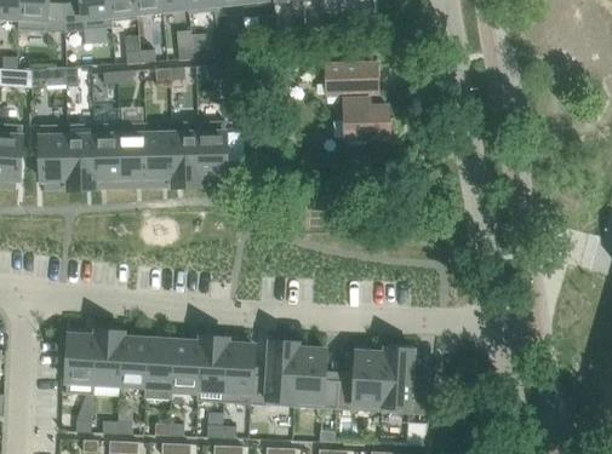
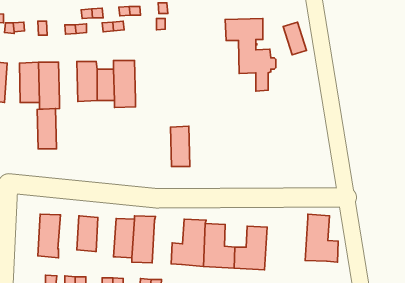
building: none -> [283,22,307,55]
building: [199,119,225,174] -> [170,126,190,166]
building: [93,121,120,177] -> [37,109,56,149]
building: [92,329,122,383] -> none
building: [143,338,173,398] -> none
building: [223,341,253,402] -> none
building: [379,346,425,413] -> [305,214,338,262]

